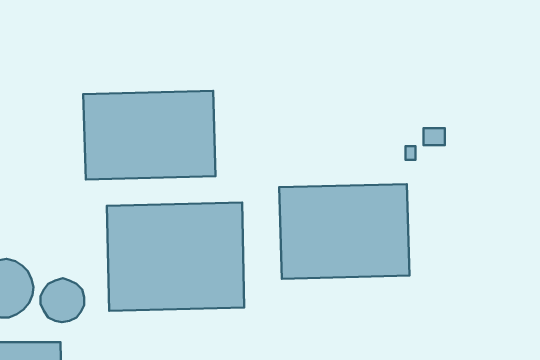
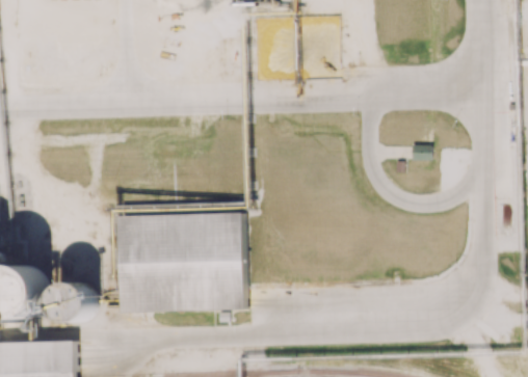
building: [83,91,216,179] -> none
building: [279,184,410,279] -> none

